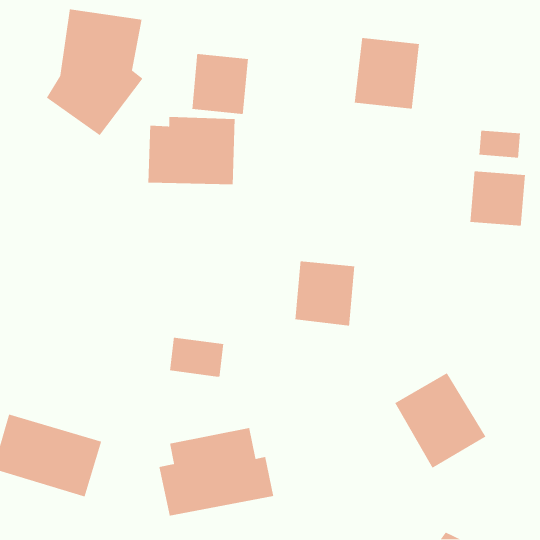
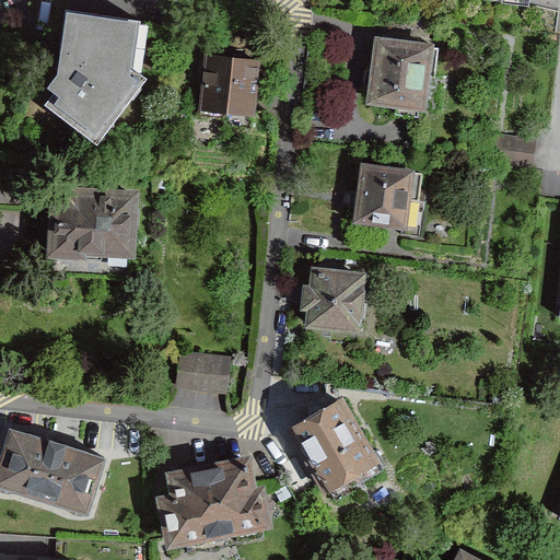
building: [147,116,236,185] -> [43,191,133,262]
building: none -> [351,165,412,232]
building: [470,170,526,227] -> none
building: [394,372,486,469] -> [285,402,381,502]

